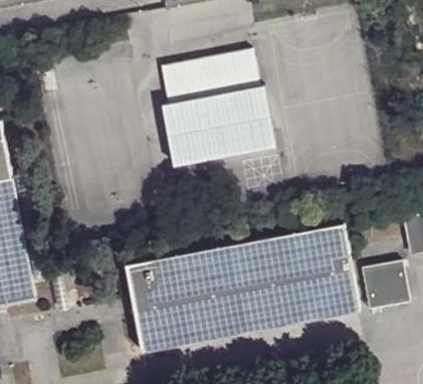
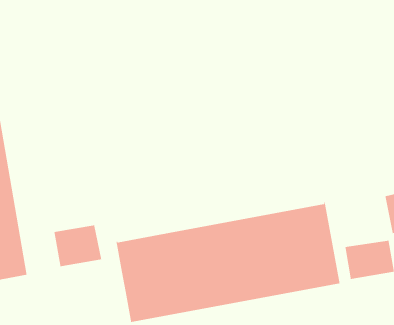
building: [163,49,276,161] -> none
building: none -> [54,224,102,267]

